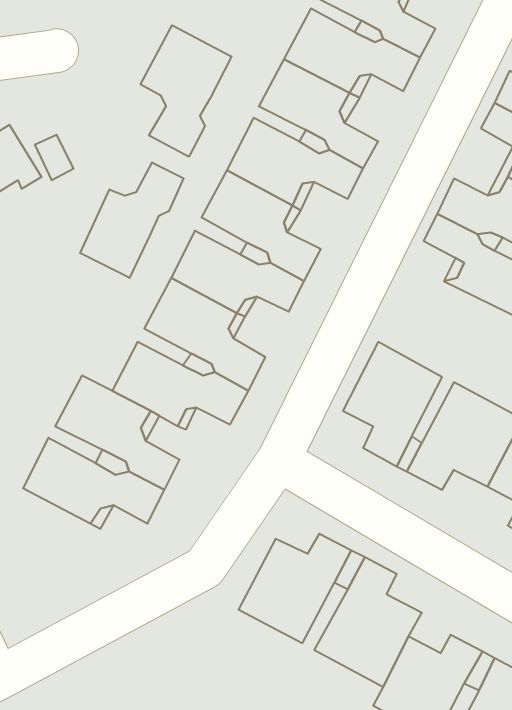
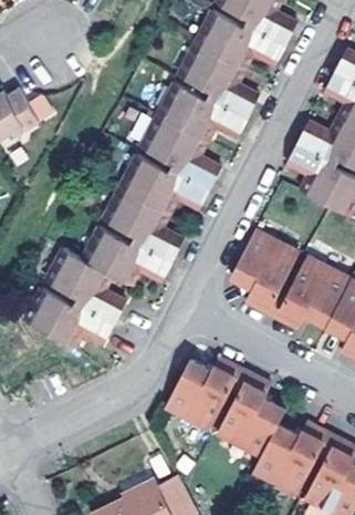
building: [141,25,231,157] -> none
building: [80,162,184,278] -> none

